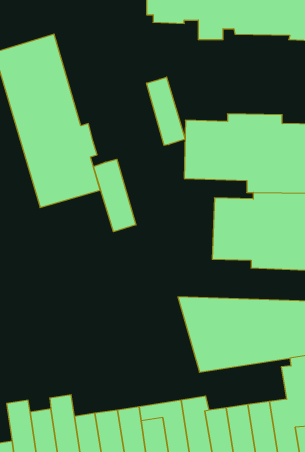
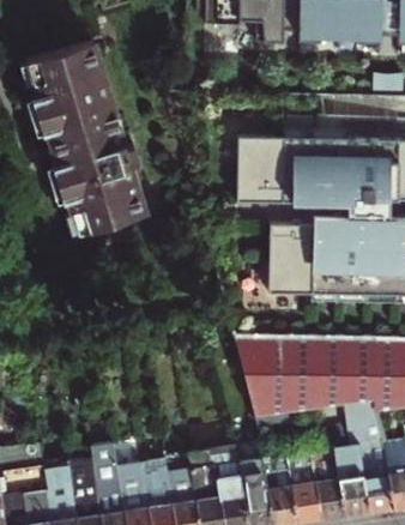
building: [147,77,185,145] -> none
building: [93,159,136,232] -> none

